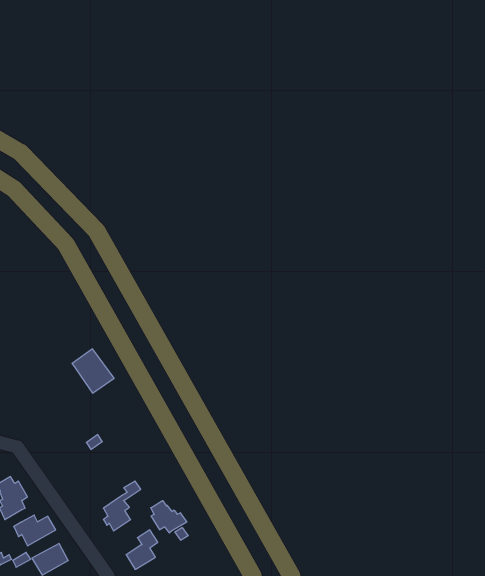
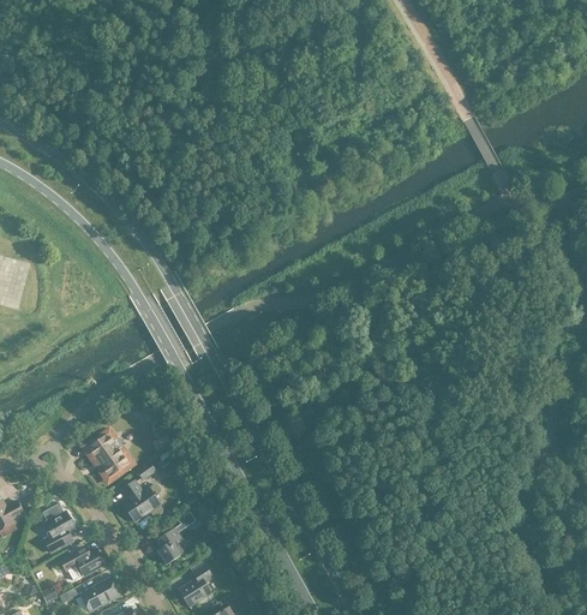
building: [72,349,114,393] -> [86,428,131,474]
building: none -> [121,480,162,521]
building: [151,501,187,533] -> none

